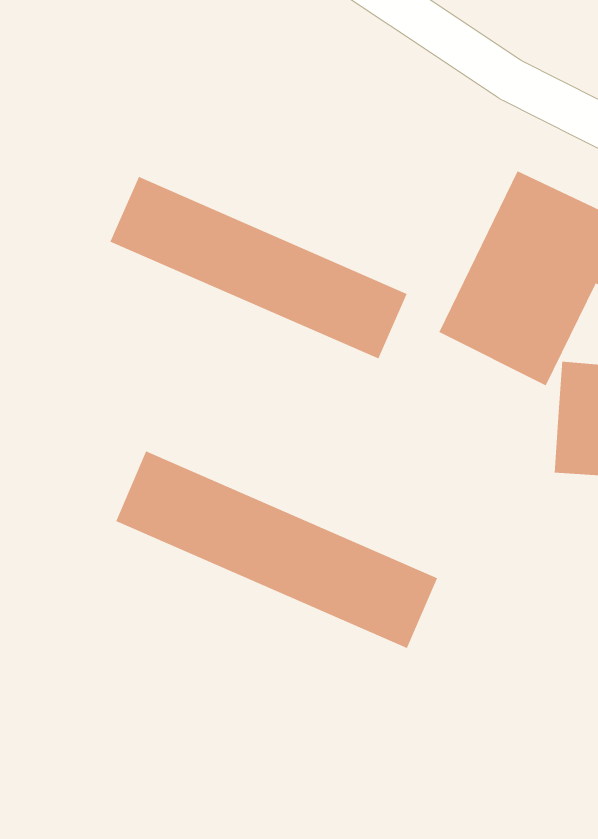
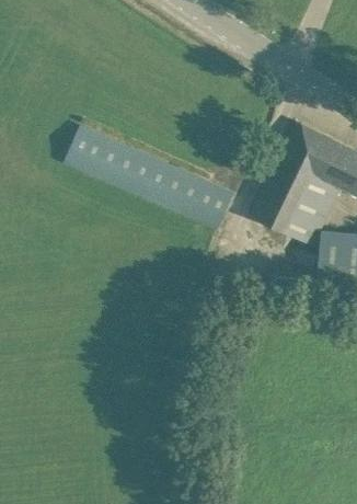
building: [115,450,438,649] -> none

